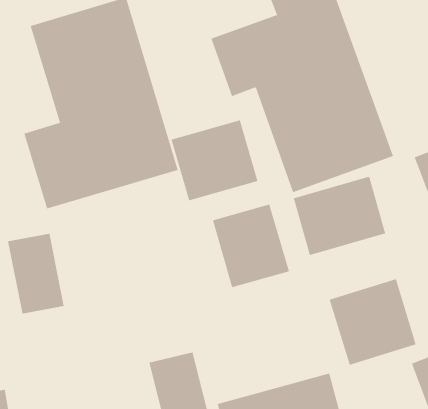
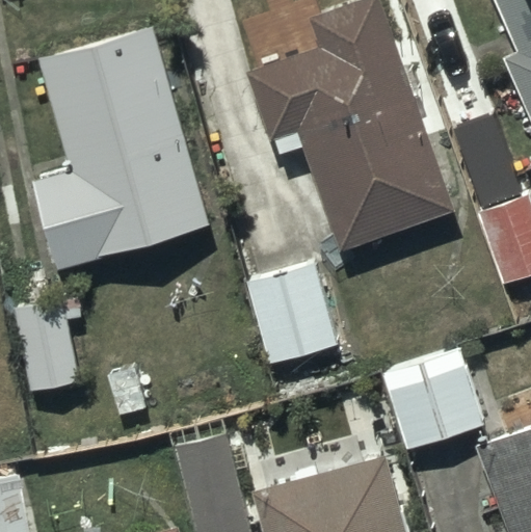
building: [171,119,258,201] -> none
building: [293,176,386,256] -> none

